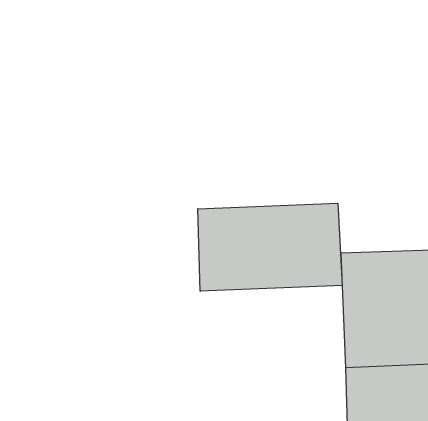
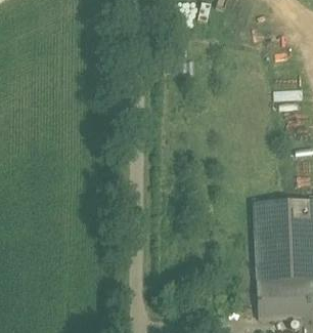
building: [198,203,342,291] -> none

